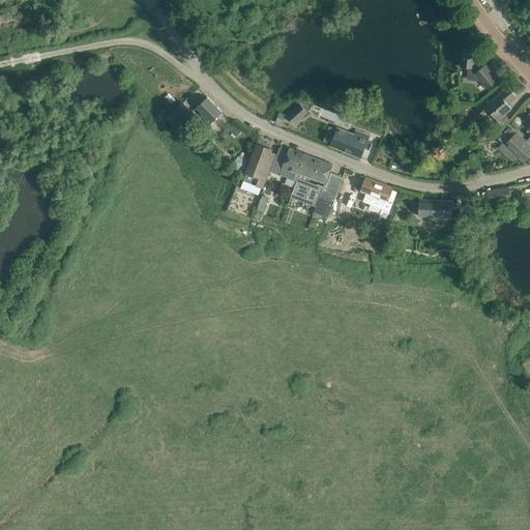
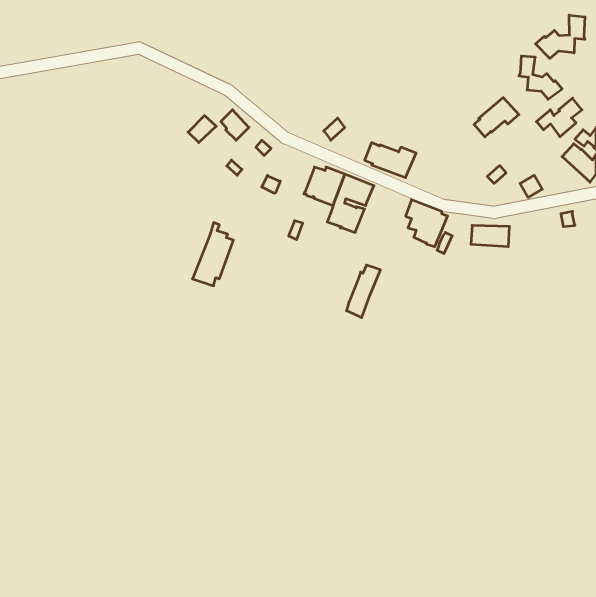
building: none -> [536,15,585,58]
building: none -> [474,98,519,137]
building: [239,139,275,195] -> [192,223,233,286]
building: [313,173,343,219] -> [346,265,380,318]

